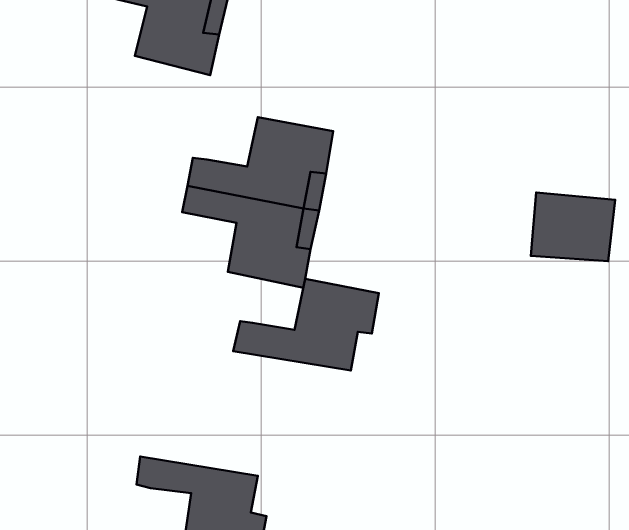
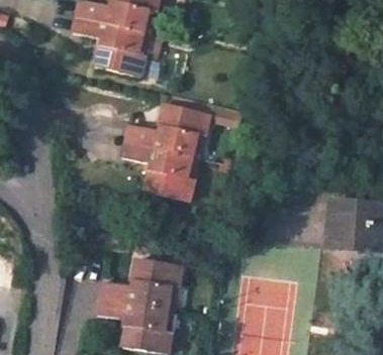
building: [531,193,615,261] -> [324,203,373,242]
building: [233,279,379,370] -> [98,256,182,309]

